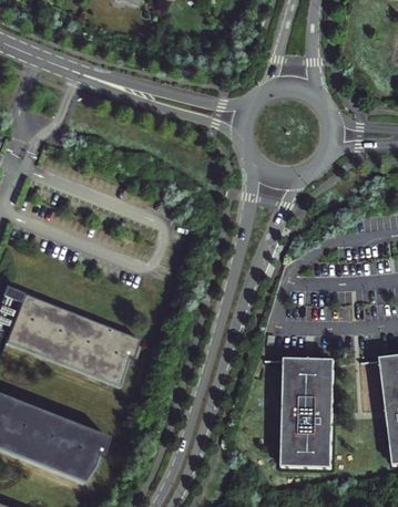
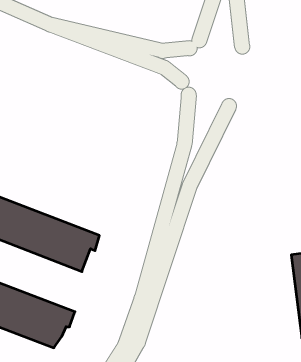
building: [283,363,336,470] -> none

